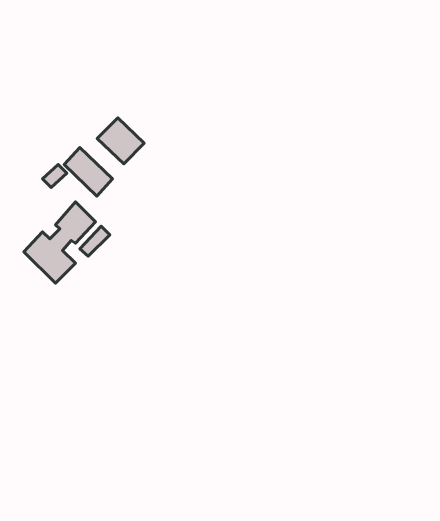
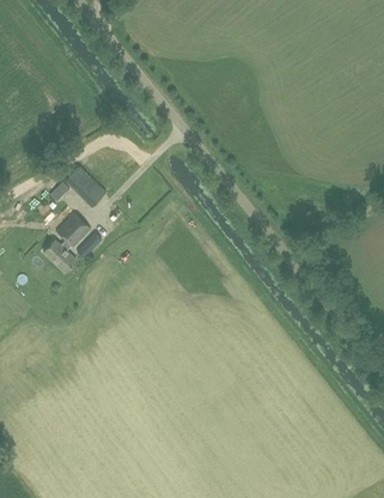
building: [97,118,144,164] -> none

